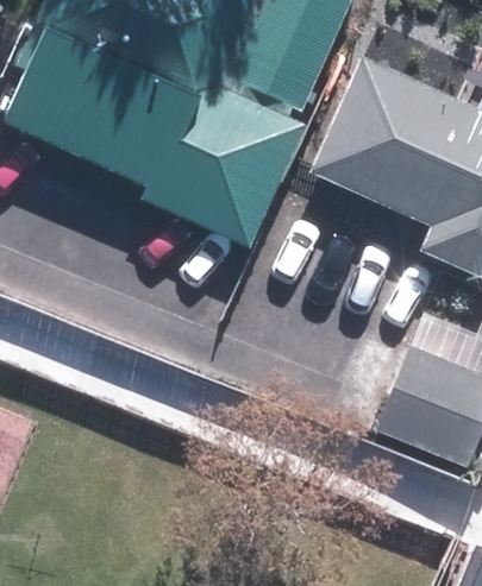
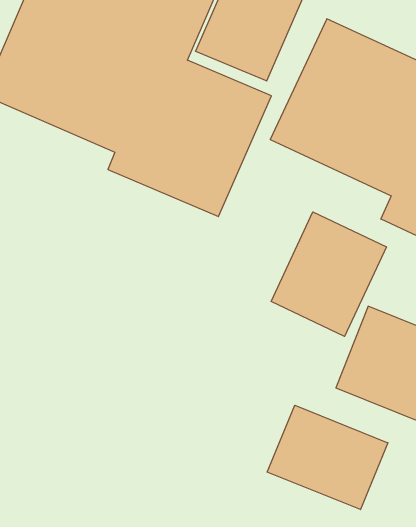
building: none -> [271,212,386,336]
building: none -> [267,405,388,510]

